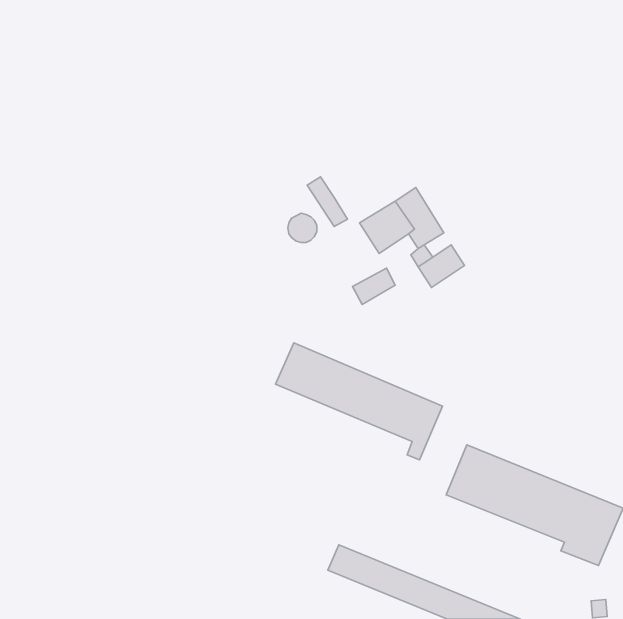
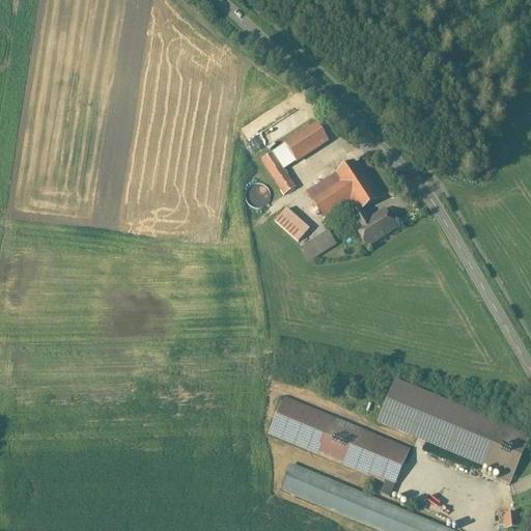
building: none -> [273,120,327,168]
building: none -> [274,205,309,240]
building: [276,343,443,460] -> [268,395,410,495]

